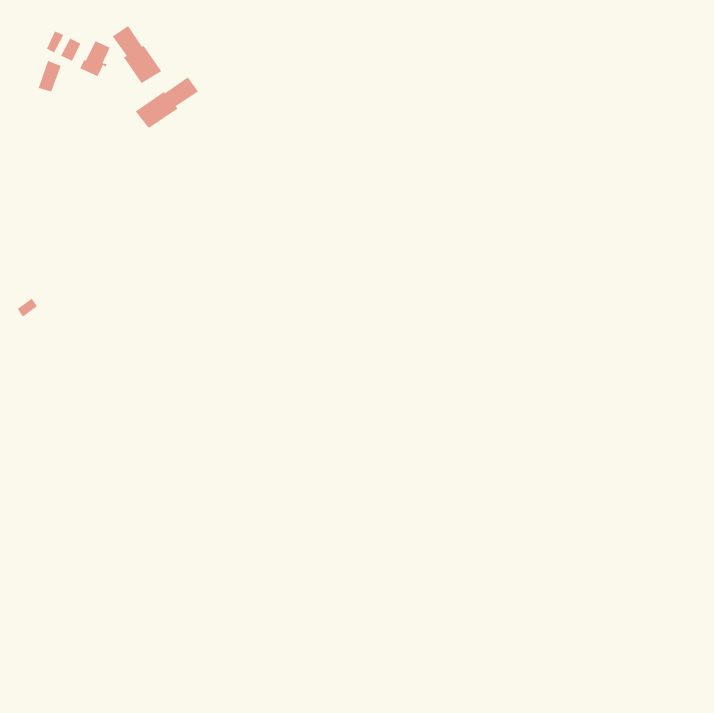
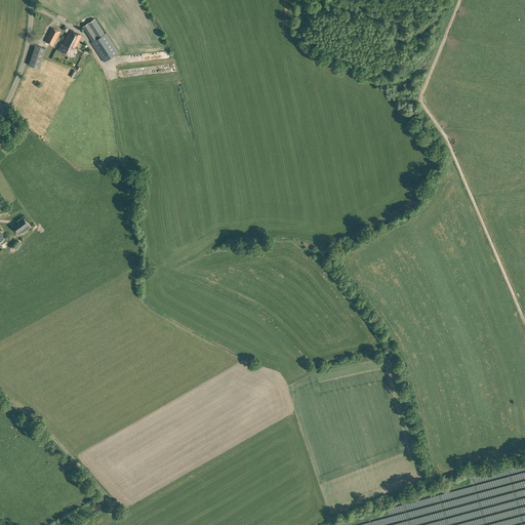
building: [135,77,199,129] -> none

